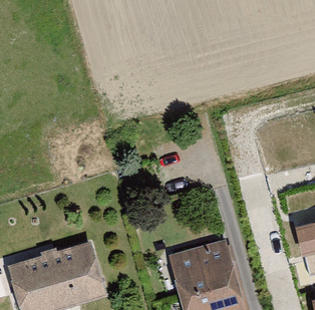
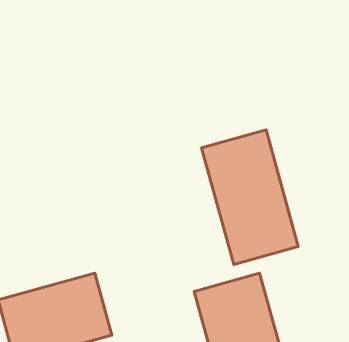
building: none -> [202,130,298,264]

